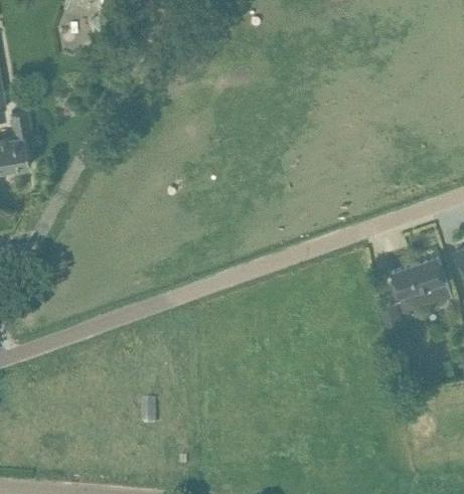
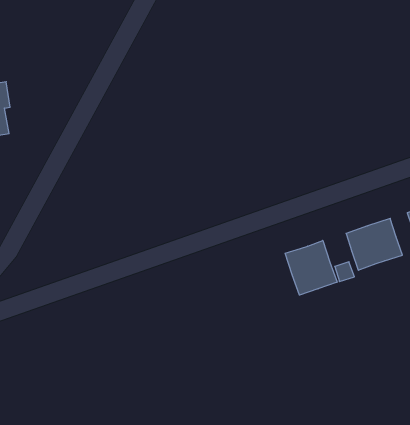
building: none -> [285,240,337,295]

